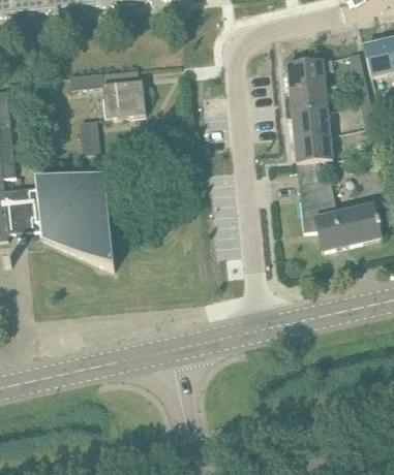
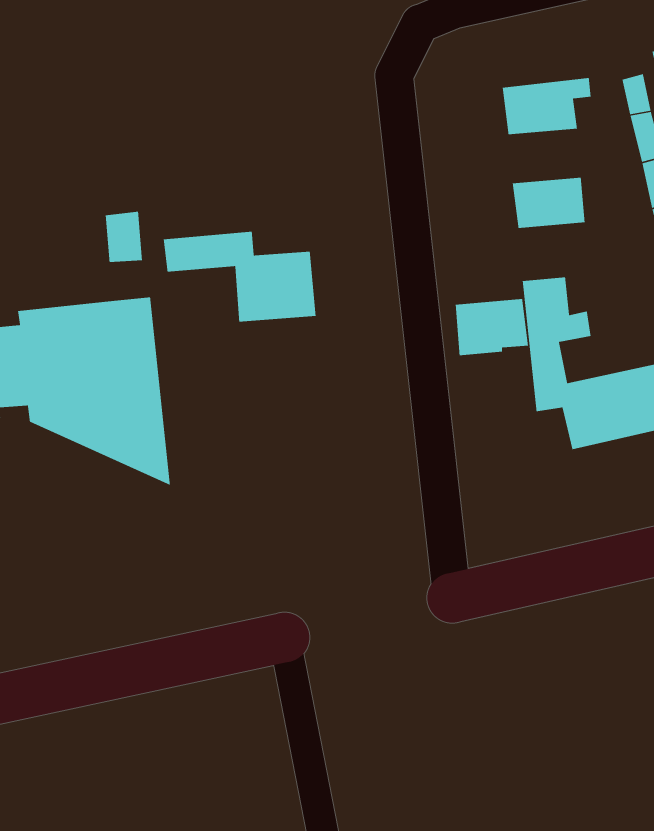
building: [65,68,145,116] -> [163,231,316,323]
building: [289,83,327,110] -> none
building: [294,131,332,161] -> [455,298,529,356]

